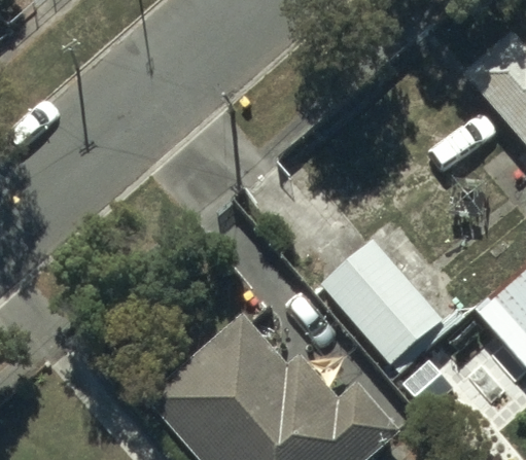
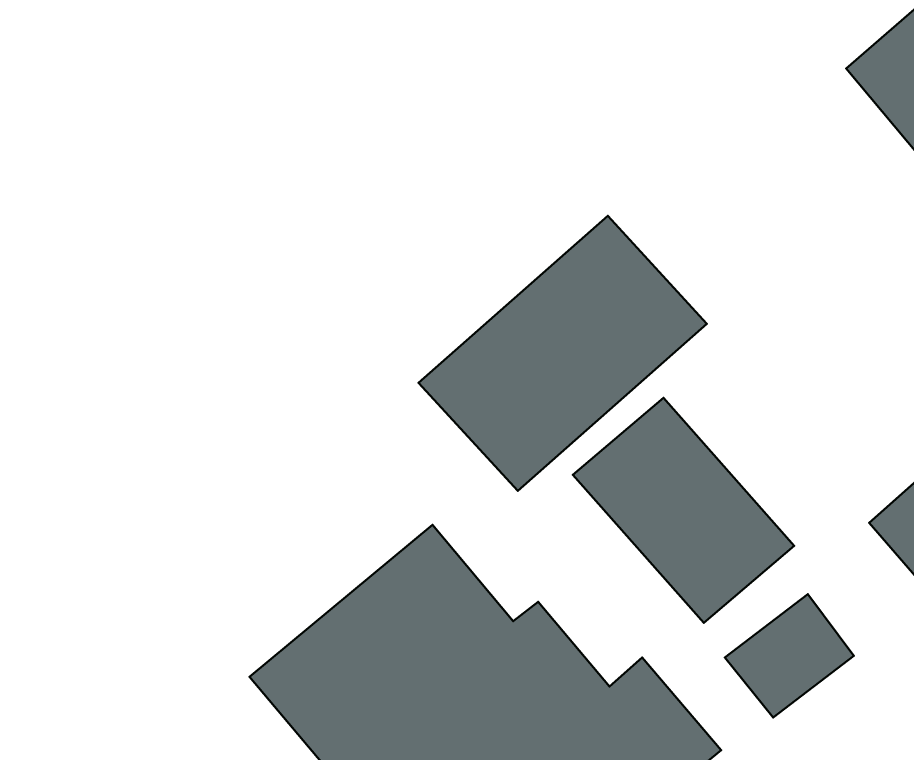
building: none -> [419,216,707,491]

